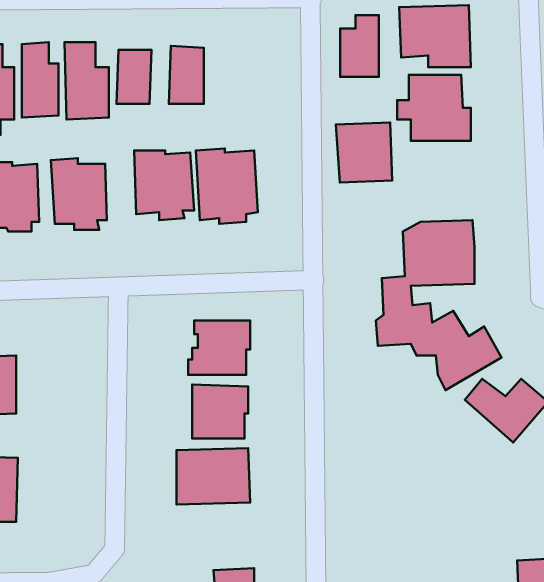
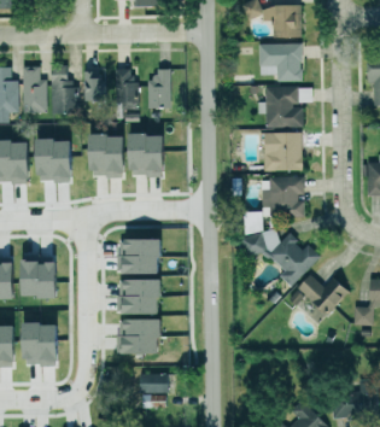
building: [340,15,379,77] -> [145,69,169,107]
building: [336,122,392,182] -> [261,134,296,171]
building: none -> [23,258,59,297]
building: none -> [22,322,63,364]
building: none -> [139,373,168,393]

